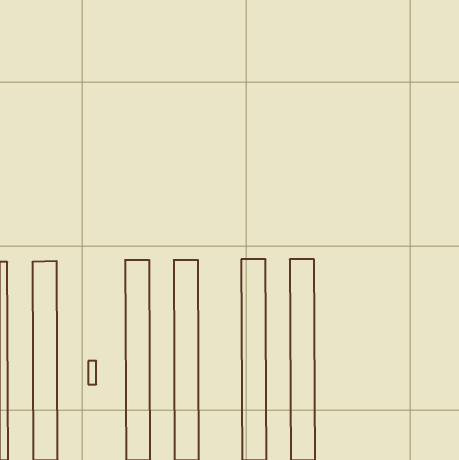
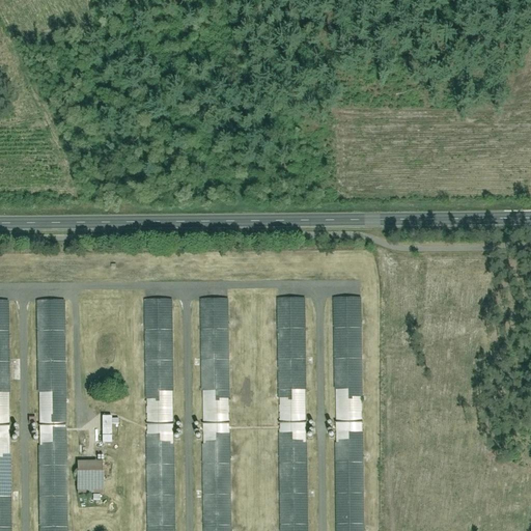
building: none -> [76,462,102,494]

